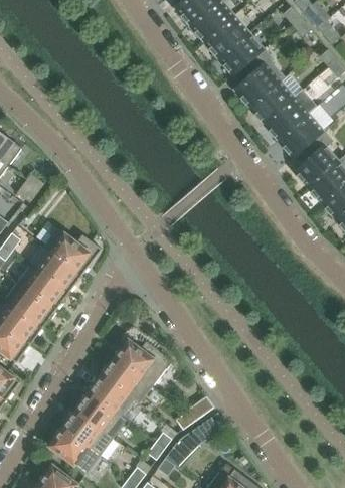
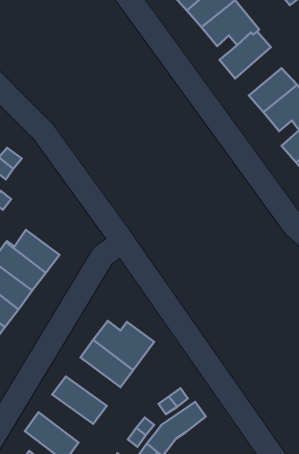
building: [249,76,294,123] -> none
building: [43,227,102,276] -> none
building: [88,374,140,421] -> none
building: [61,410,114,456] -> none

